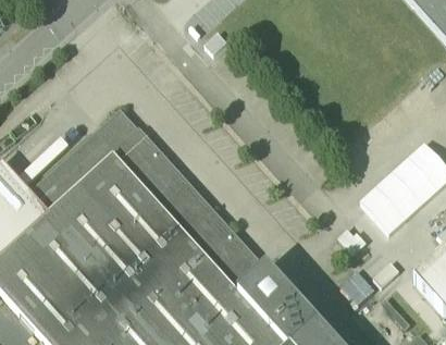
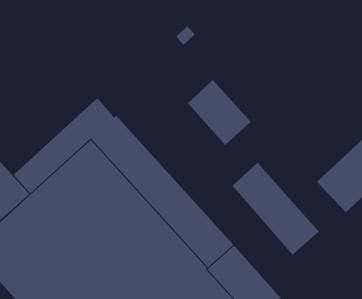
building: none -> [187,79,252,146]
building: none -> [232,162,320,256]

